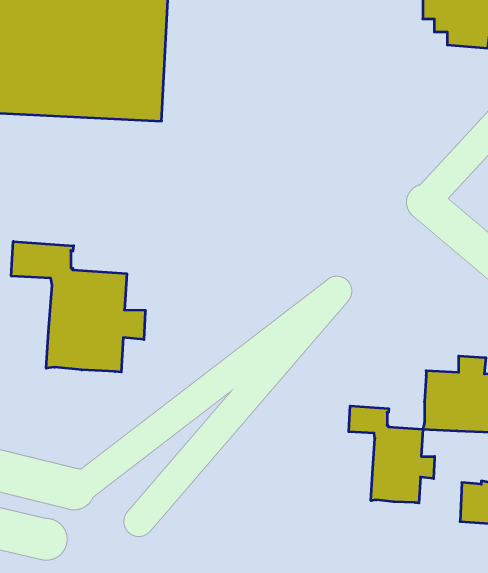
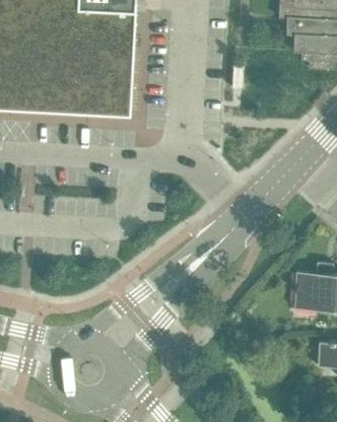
building: [11,241,145,372] -> none
building: [349,406,435,503] -> none

